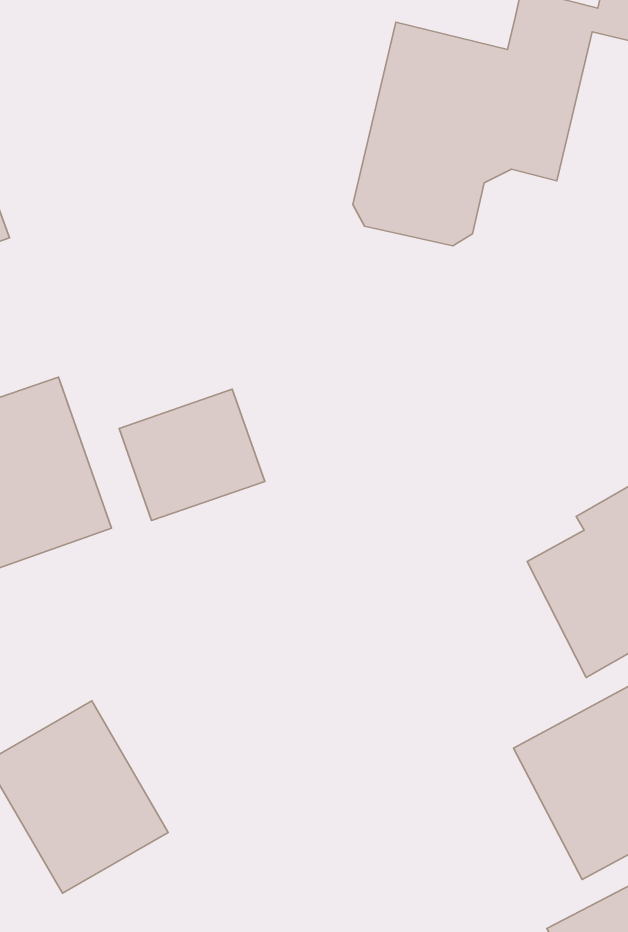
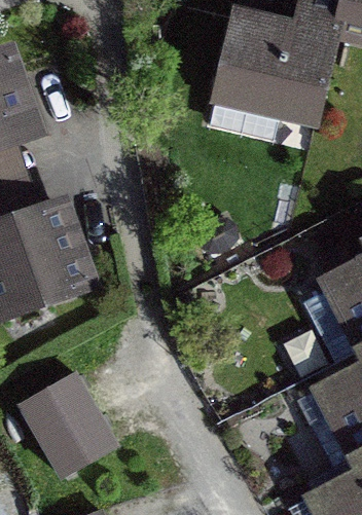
building: [119,389,265,521] -> none

